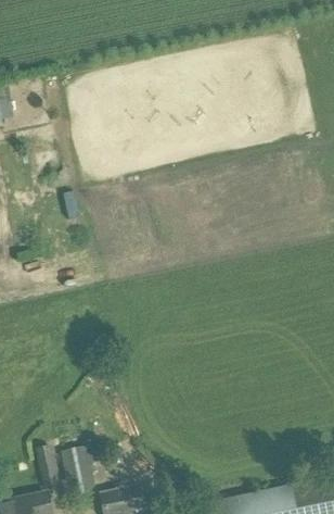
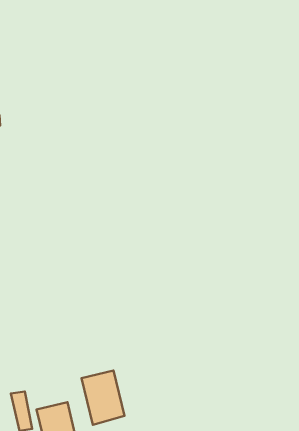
building: none -> [82,370,125,425]

